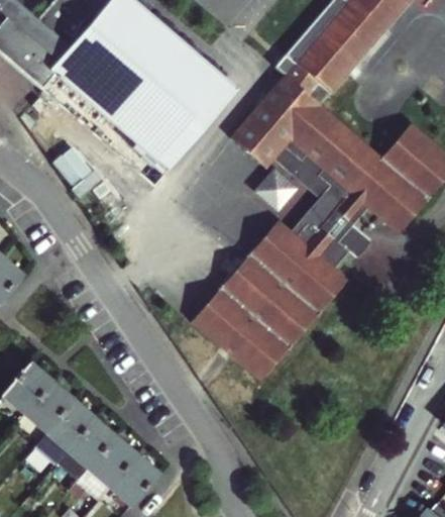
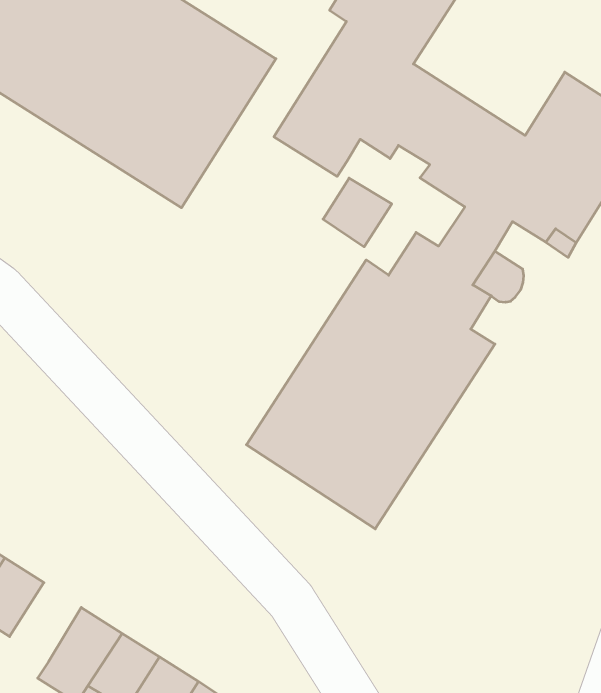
building: [274,145,341,216] -> none
building: [31,383,77,430] -> none

